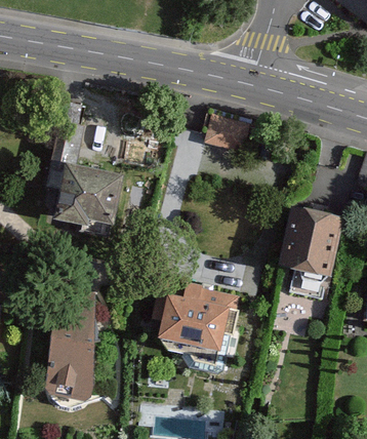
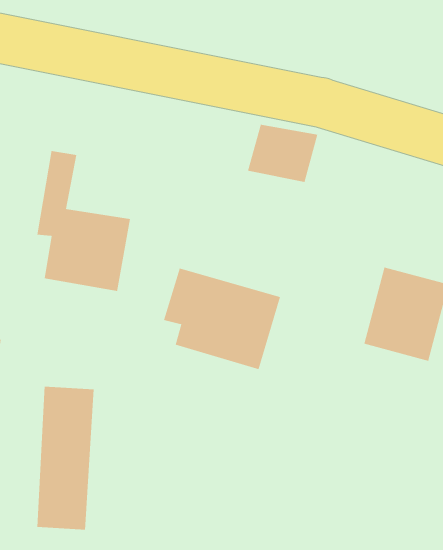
building: [153,282,236,354] -> [163,268,281,370]

